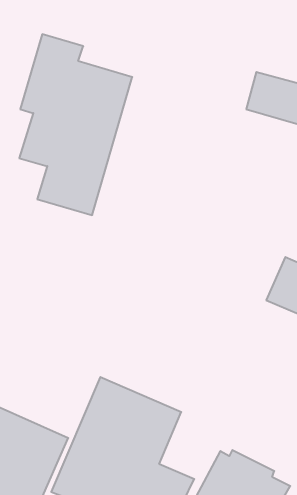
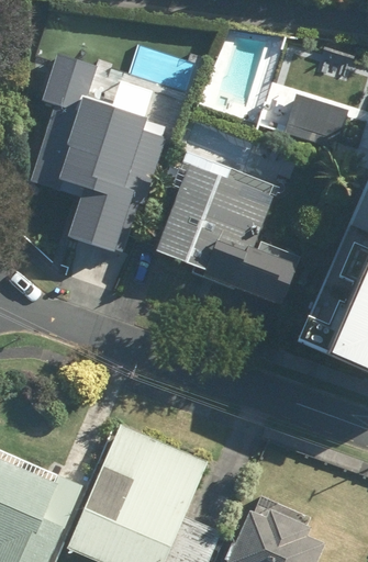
building: none -> [153,167,308,313]

